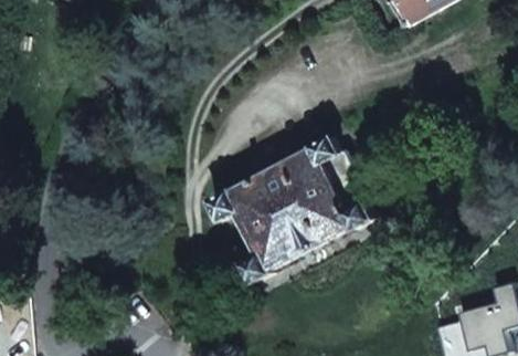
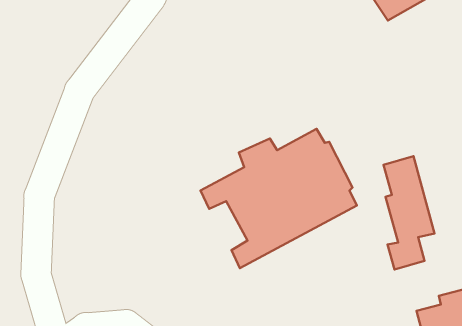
building: none -> [383,156,435,269]

